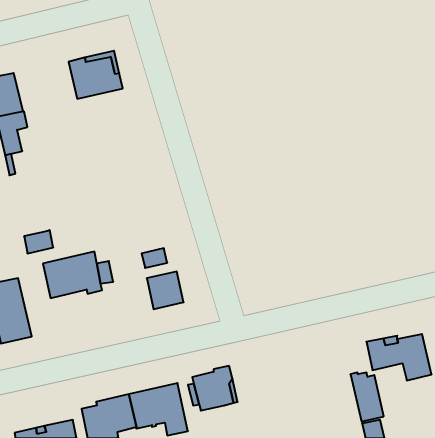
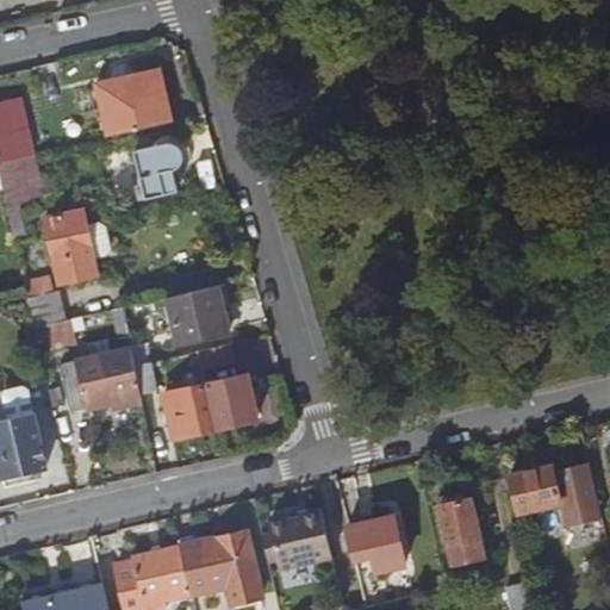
building: none -> [135,142,182,198]
building: none -> [43,211,107,284]
building: none -> [23,279,66,328]
building: none -> [150,286,226,343]
building: none -> [162,386,213,438]
building: [350,373,384,422] -> [437,494,484,562]
building: none -> [346,517,403,572]

